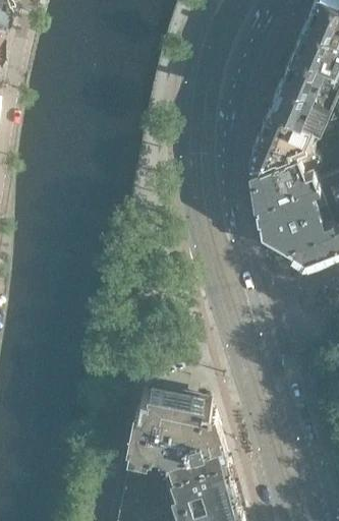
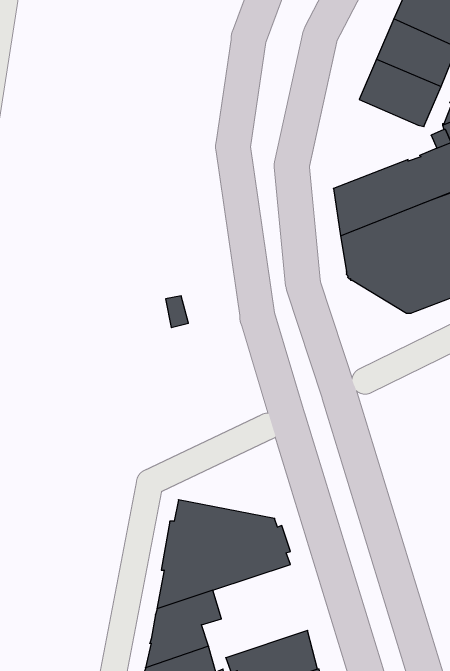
building: [247,110,312,173] -> none
building: [164,440,231,506] -> none

